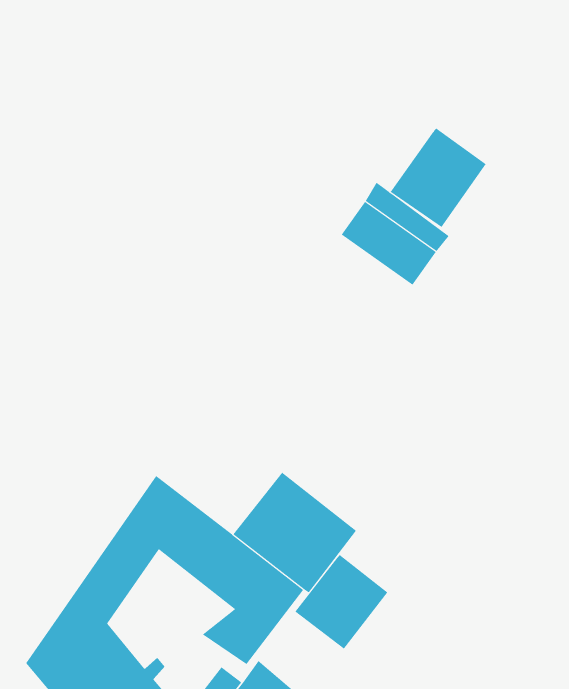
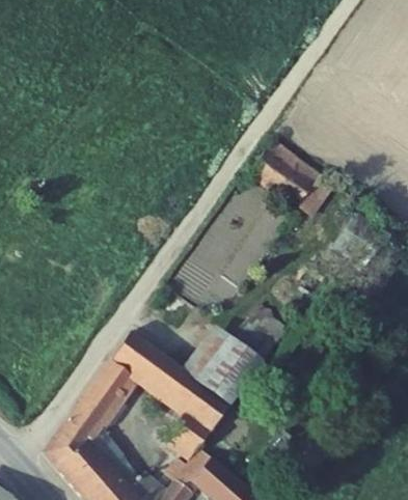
building: [390,128,487,228] -> none
building: [295,554,388,649] -> none

